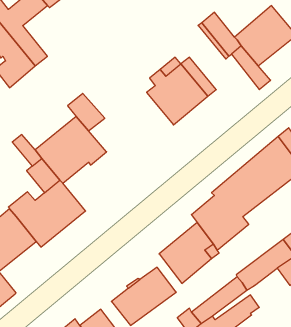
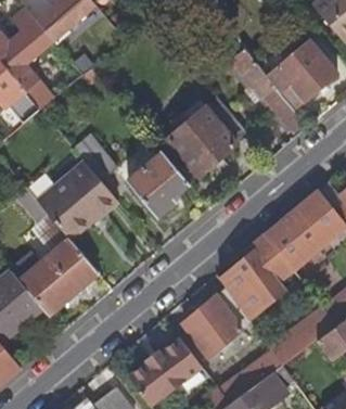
building: none -> [127,152,189,217]

